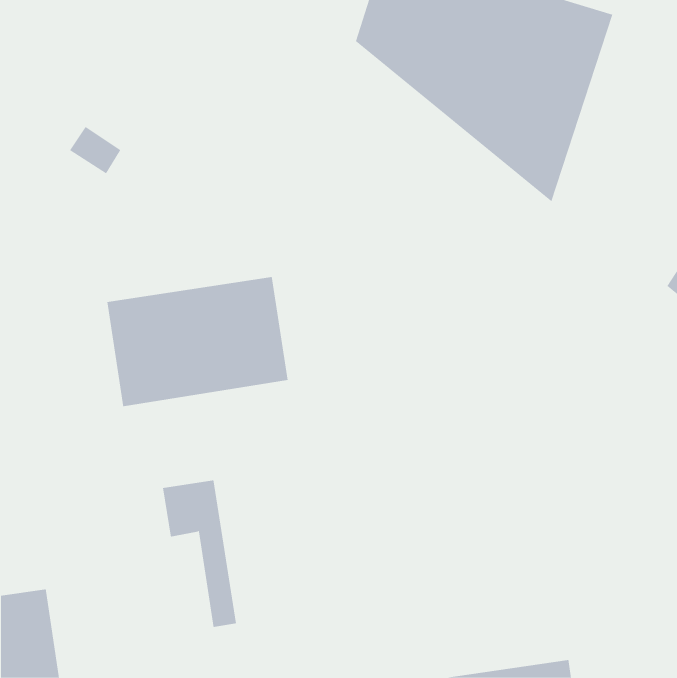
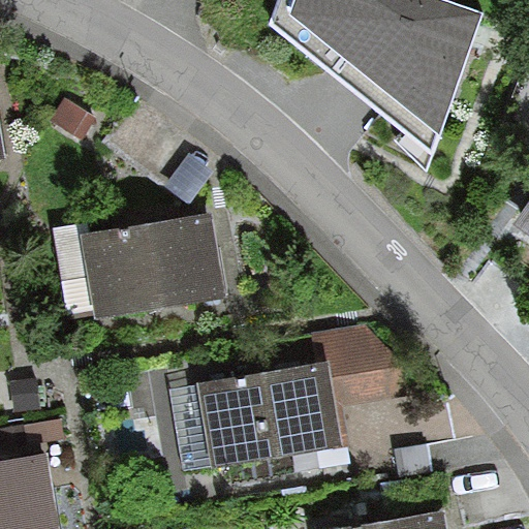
building: none -> [200,328,410,471]

